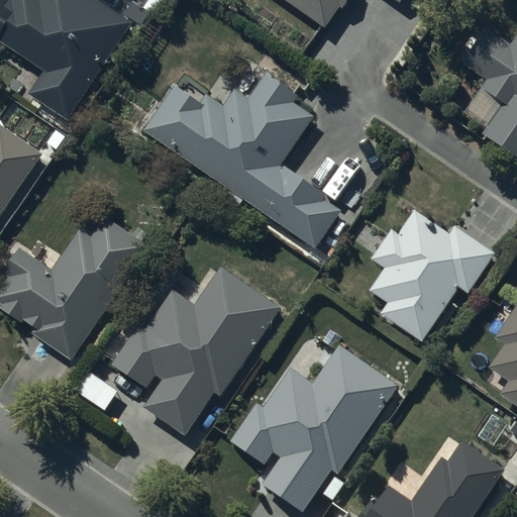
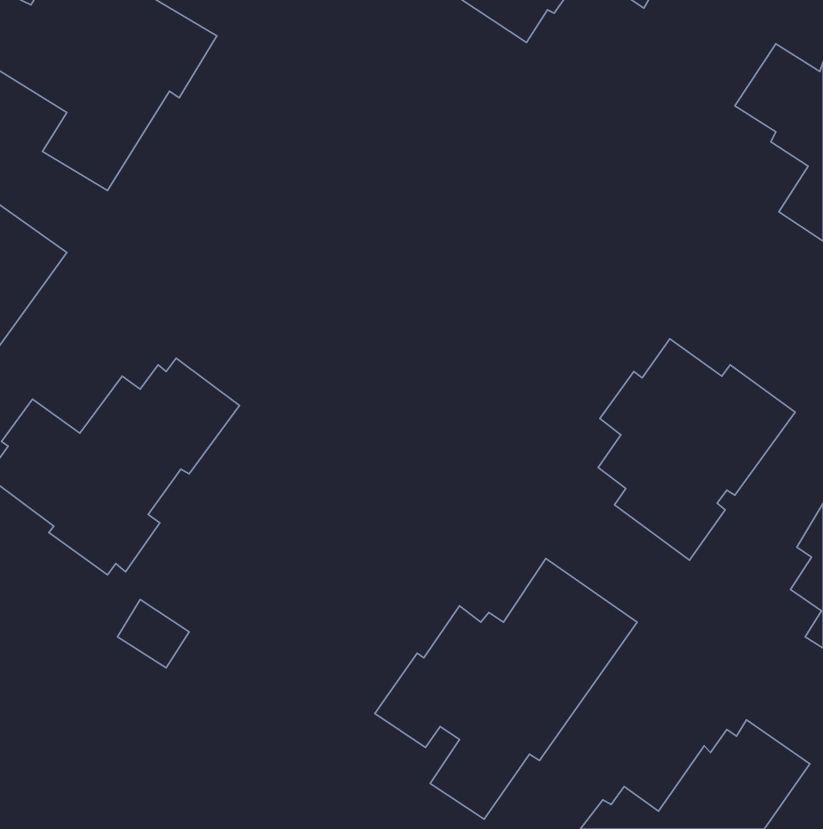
building: [140,74,344,247] -> none
building: [115,270,278,434] -> none

